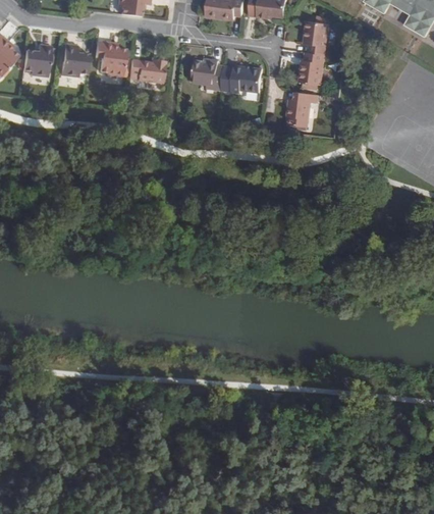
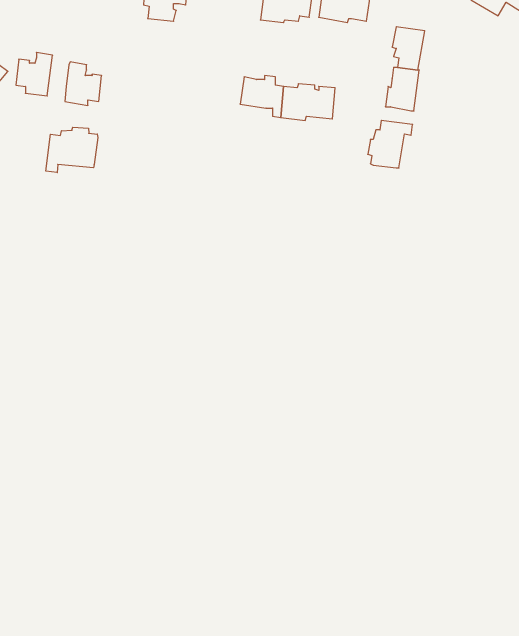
building: [94,41,125,78] -> none
building: [127,60,164,84] -> none
building: none -> [46,127,98,173]

